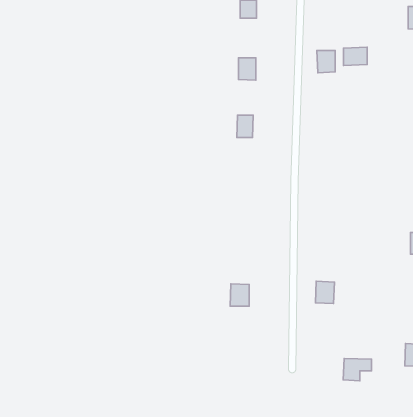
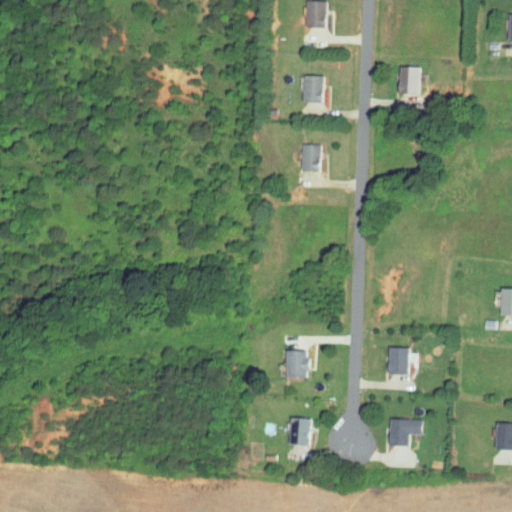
building: [344,47,367,66] -> none
building: none -> [294,418,316,445]
building: [343,358,371,381] -> [395,419,429,446]

